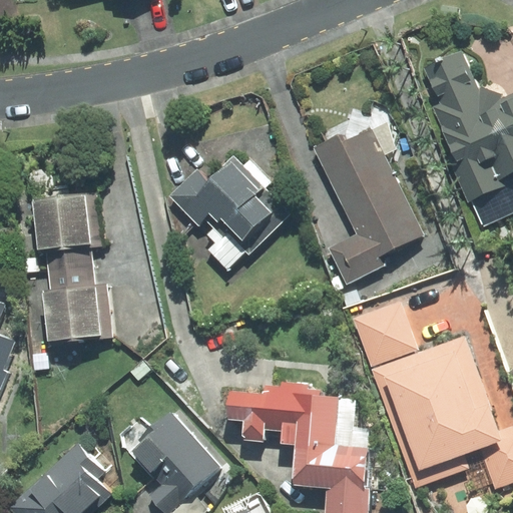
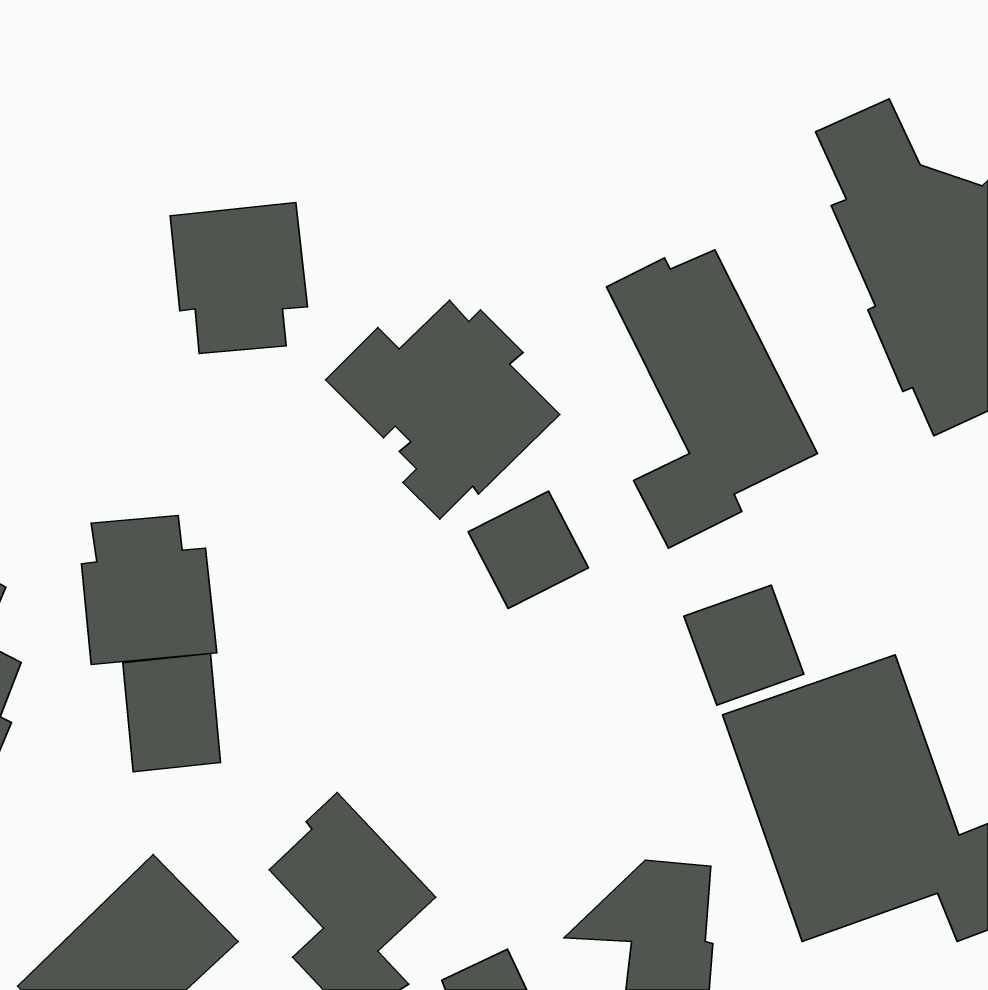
building: [32,192,103,271] -> [170,202,308,353]
building: none -> [468,491,588,608]
building: none -> [123,653,221,772]
building: [226,383,338,485] -> none

